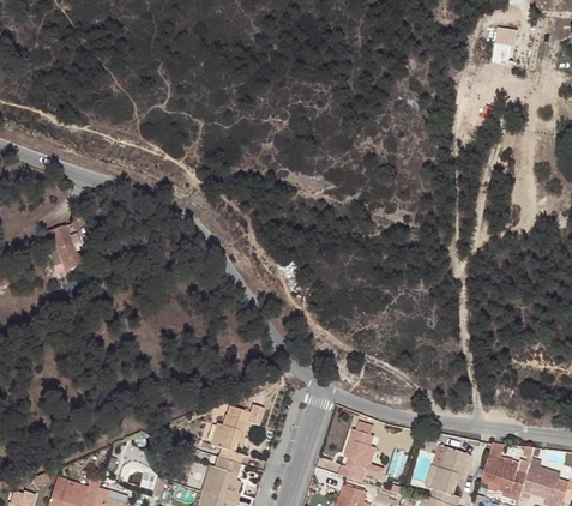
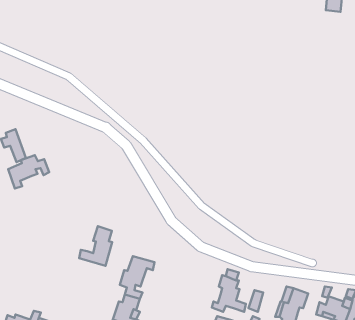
building: none -> [8,155,49,188]
building: none -> [79,226,112,266]

